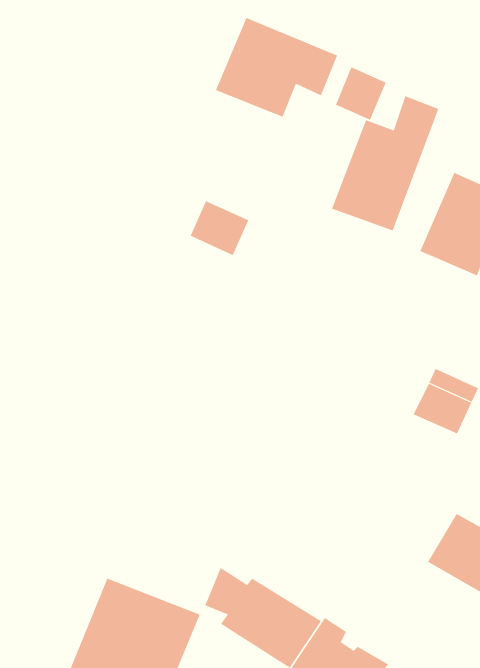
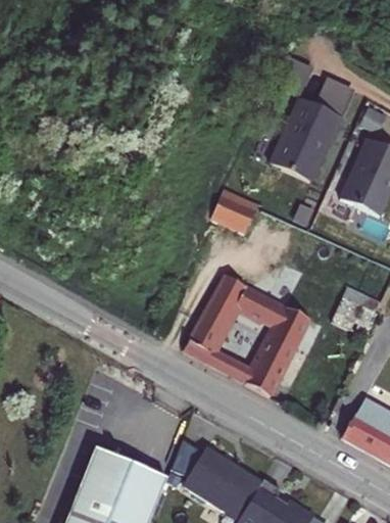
building: [215,17,338,118] -> none
building: [190,200,249,256] -> [211,191,257,234]
building: none -> [184,275,309,395]

